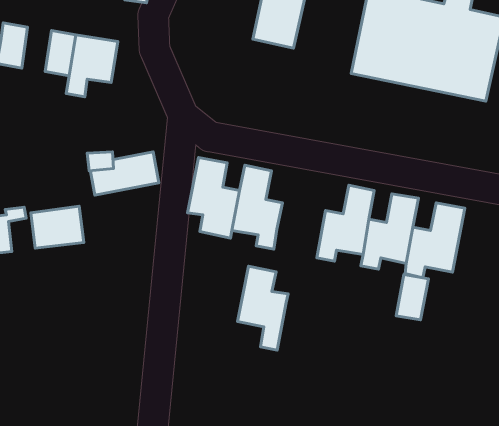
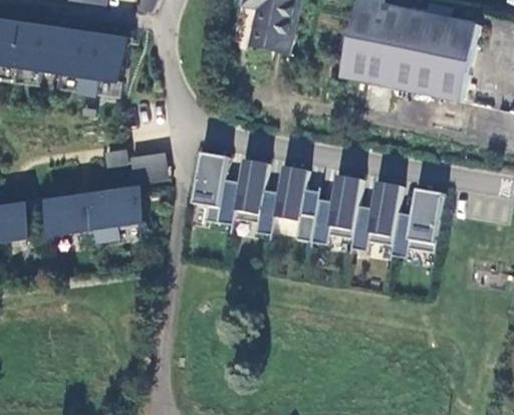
building: none -> [39,32,66,72]
building: none -> [91,189,145,239]
building: [237,266,288,350] -> [271,166,317,242]
building: [396,275,428,320] -> none

